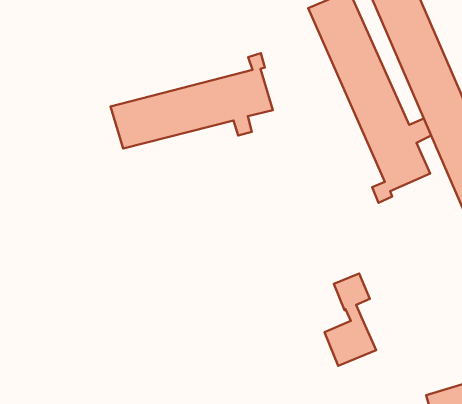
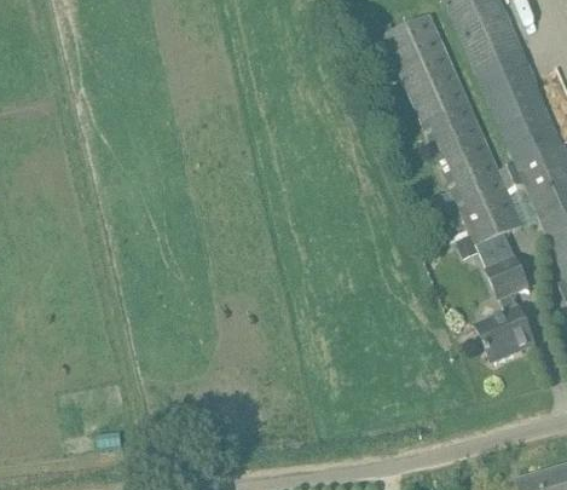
building: [111,53,273,149] -> none
building: [324,273,376,366] -> [475,255,534,362]

